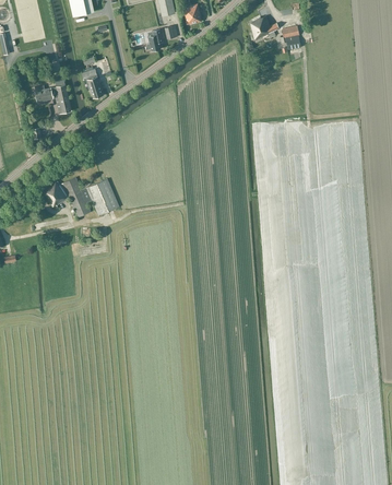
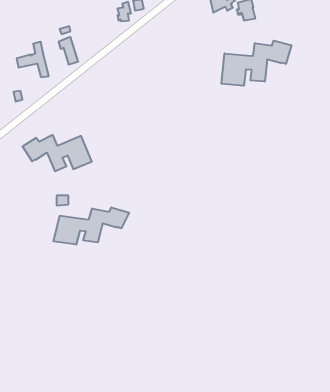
building: none -> [221,41,291,86]
building: none -> [53,207,129,245]

